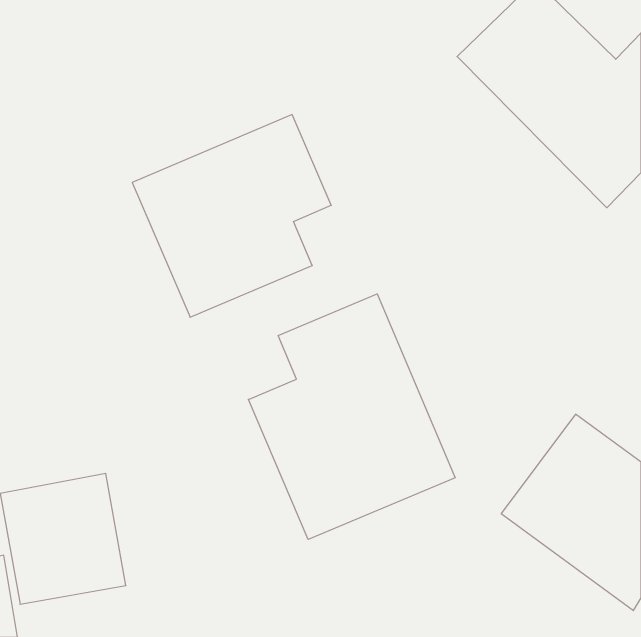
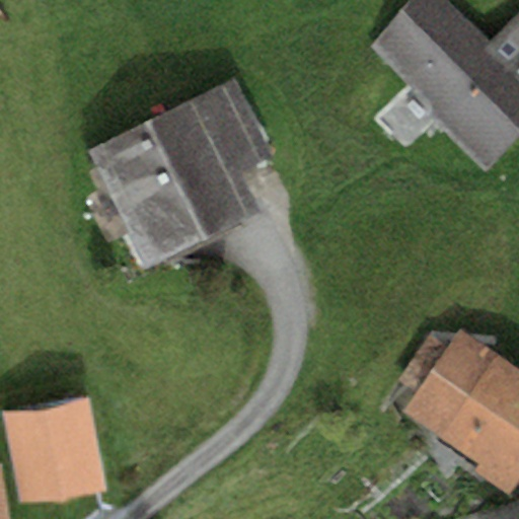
building: [248,294,455,539] -> none

